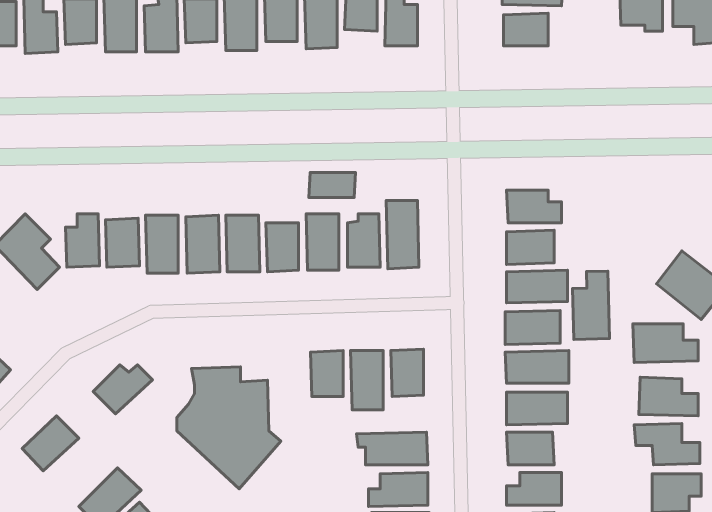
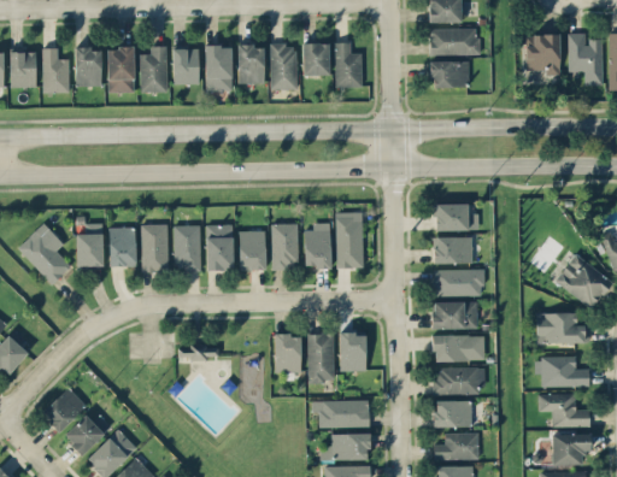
building: [309,172,356,198] -> none
building: [572,271,610,340] -> none
building: [93,365,152,414] -> [64,414,112,454]

